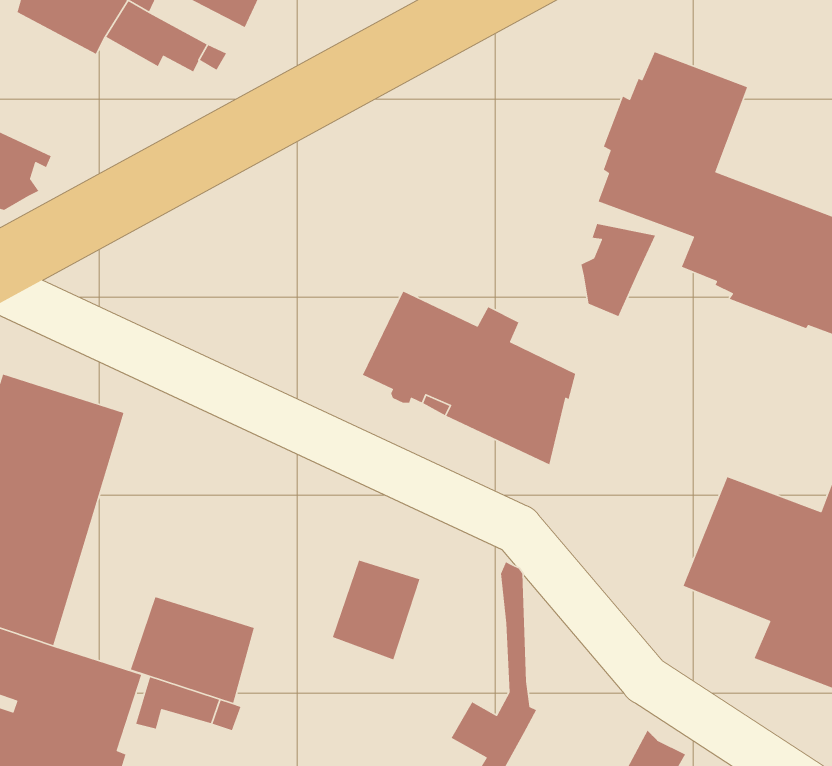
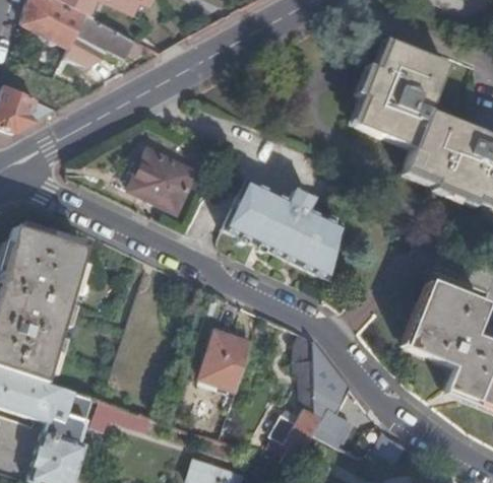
building: [581,223,656,317] -> none
building: none -> [127,148,194,212]
building: none -> [312,341,351,445]
building: [130,596,255,704] -> none

